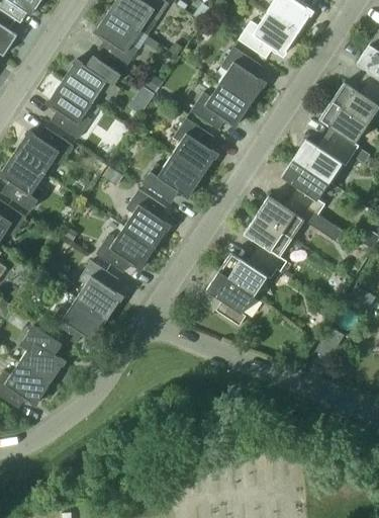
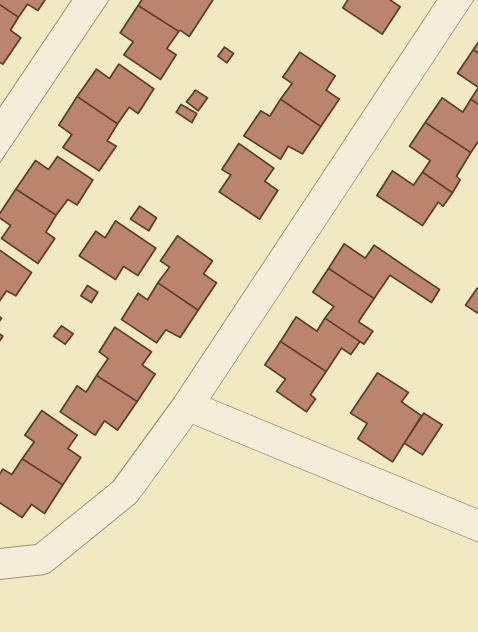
building: [239,12,298,59] -> none
building: [144,155,203,200] -> [79,221,156,279]
building: [282,158,329,214] -> none
building: none -> [351,373,422,462]

